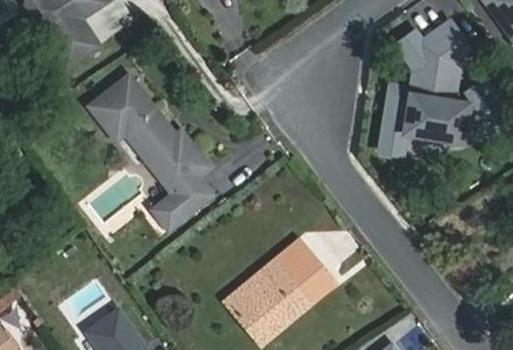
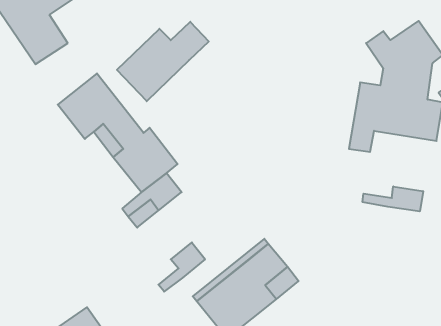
building: none -> [117,22,209,101]
building: none -> [363,186,423,211]
building: none -> [158,242,205,292]

